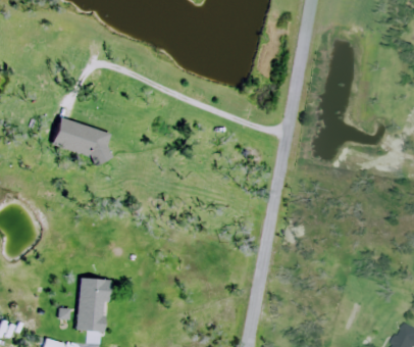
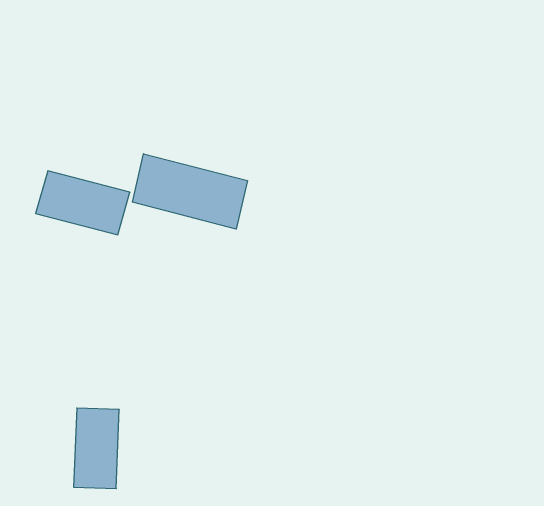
building: none -> [132,154,247,229]

